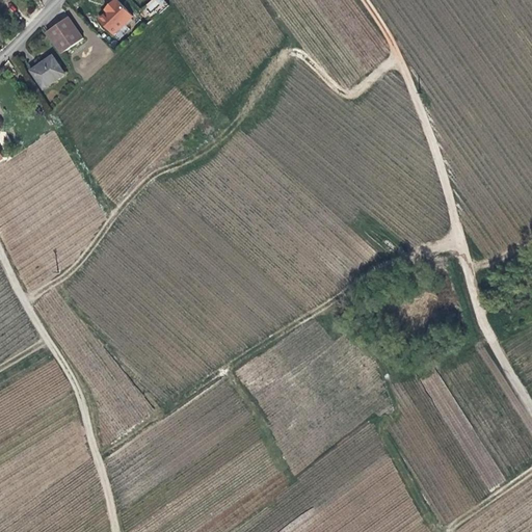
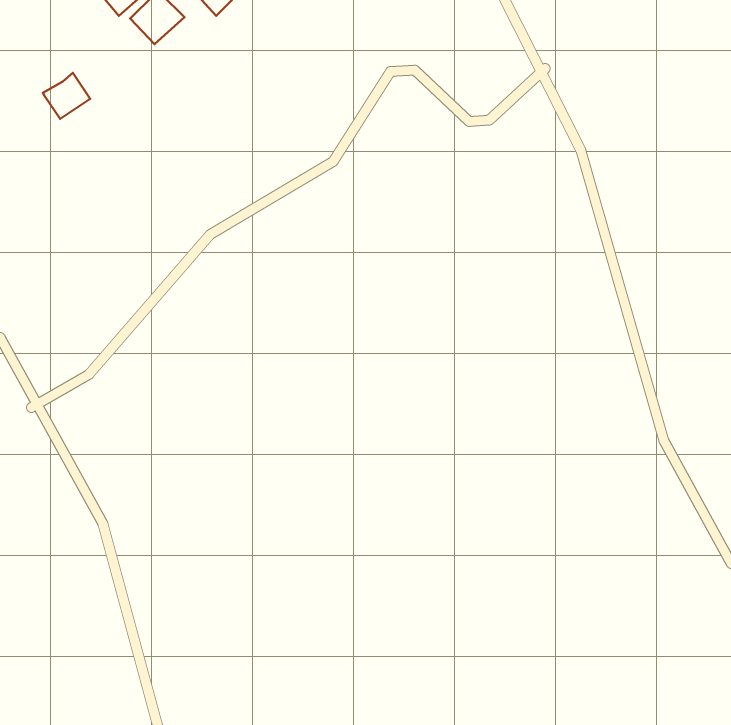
building: [45,16,82,53] -> none

